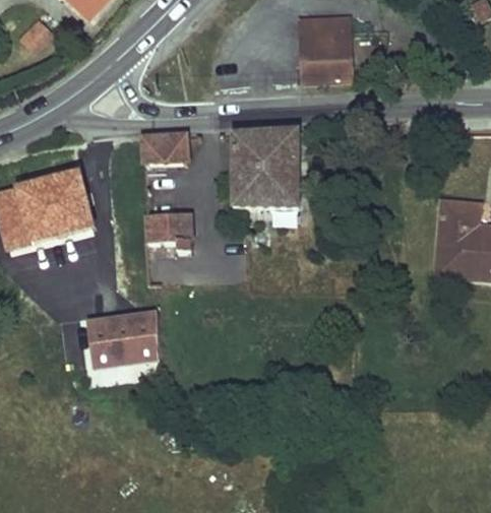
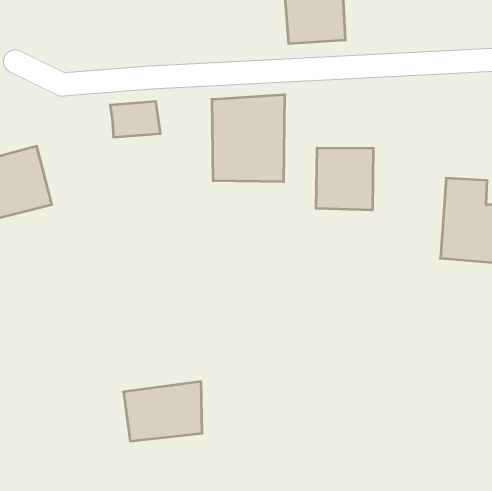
building: none -> [316,148,373,210]
building: [147,213,191,242] -> none
building: [87,313,158,366] -> [123,382,202,441]

